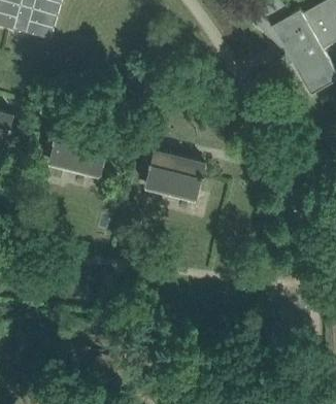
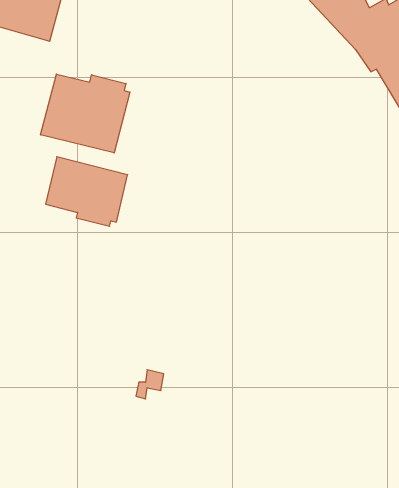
building: none -> [41,74,130,153]
building: [144,151,204,202] -> none

